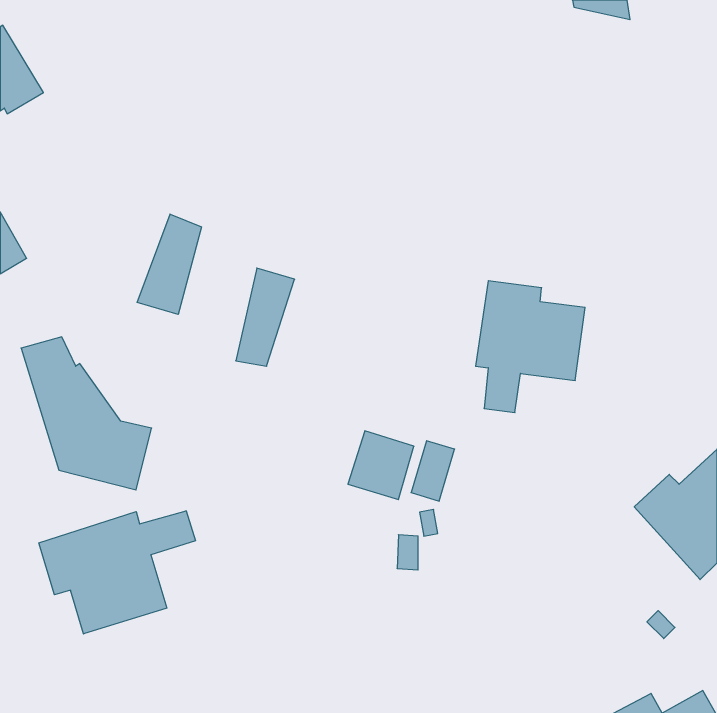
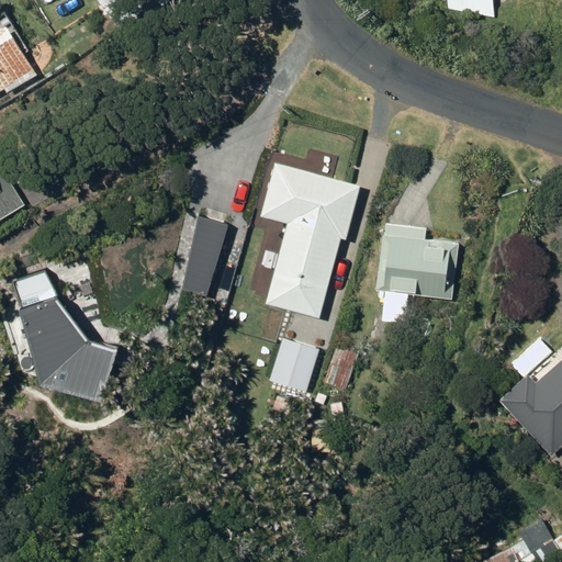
building: none -> [258,164,358,318]
building: [137,214,201,314] -> none
building: [39,511,195,634] -> none

